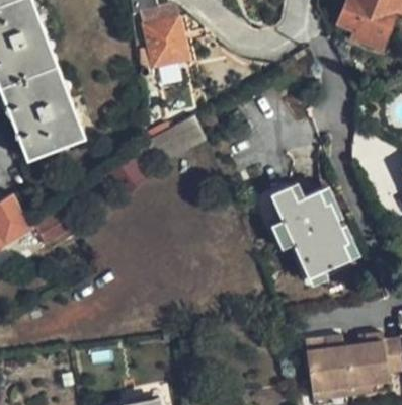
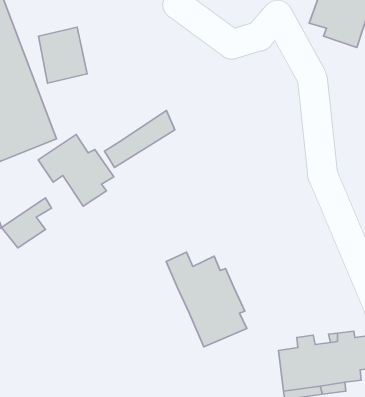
building: [144,15,192,71] -> [38,27,87,83]
building: none -> [38,135,114,206]
building: [269,184,349,278] -> [166,252,247,347]

